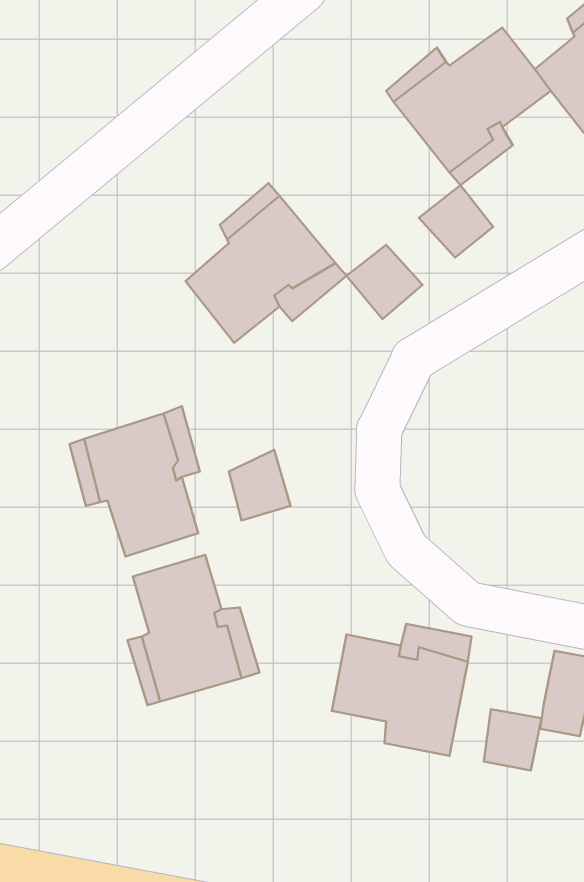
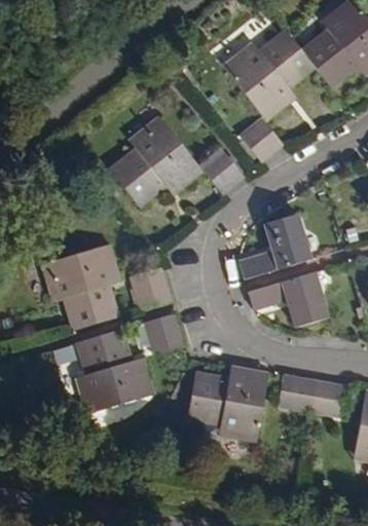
building: none -> [242,215,311,277]
building: none -> [247,271,328,326]
building: none -> [143,310,179,346]
building: [484,709,542,771] -> [284,376,317,411]

